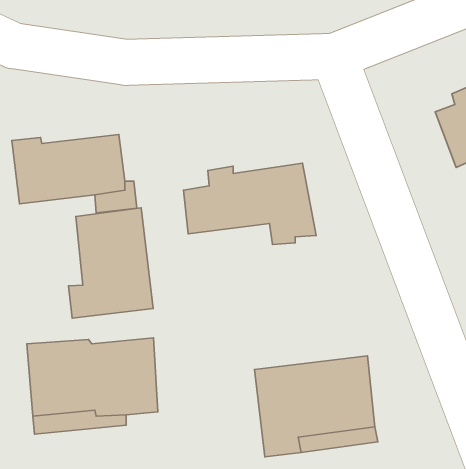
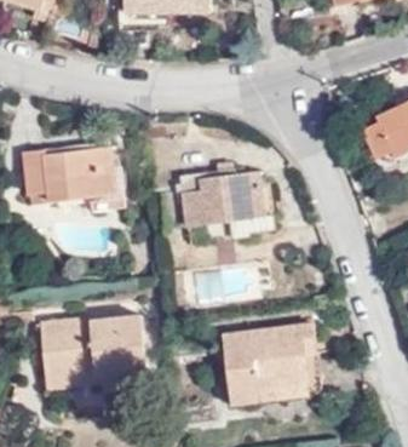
building: [69,208,153,318] -> none

